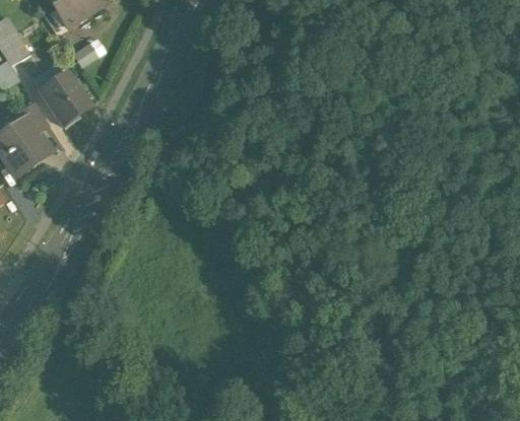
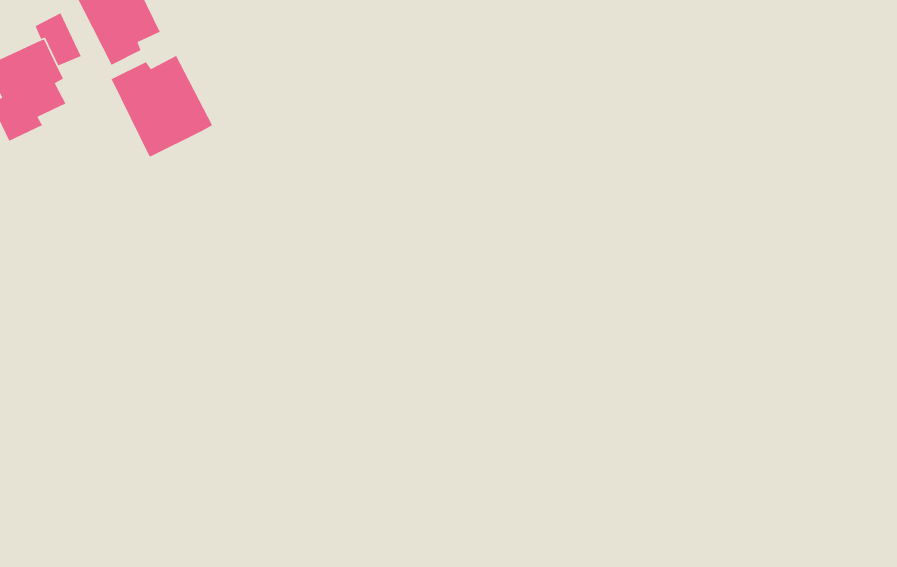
building: none -> [111,55,213,158]

